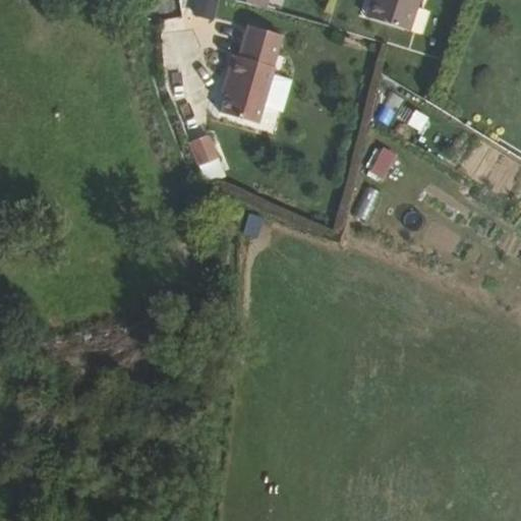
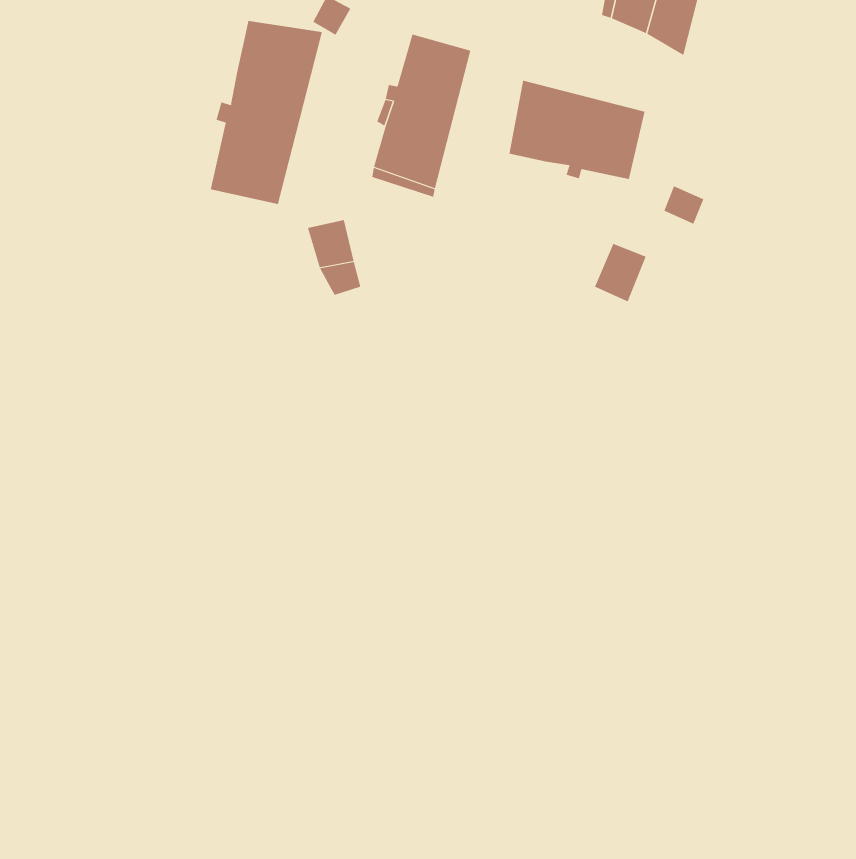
building: none -> [210,20,323,205]
building: none -> [509,80,645,180]

